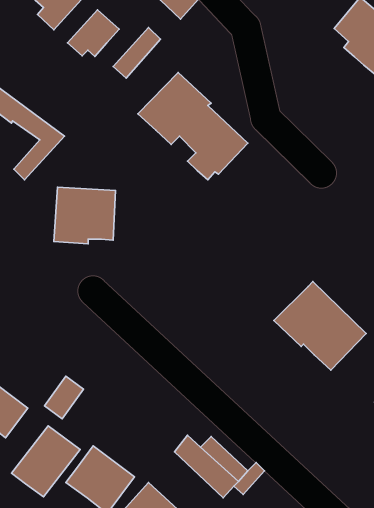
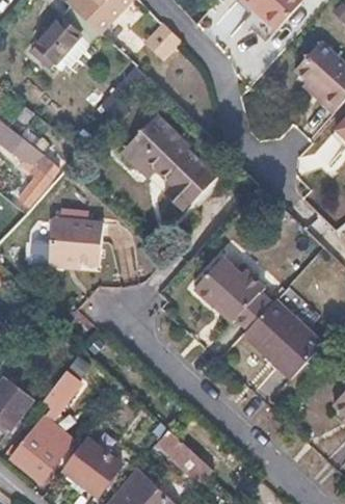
building: [68,10,119,57] -> none
building: none -> [191,251,273,328]

